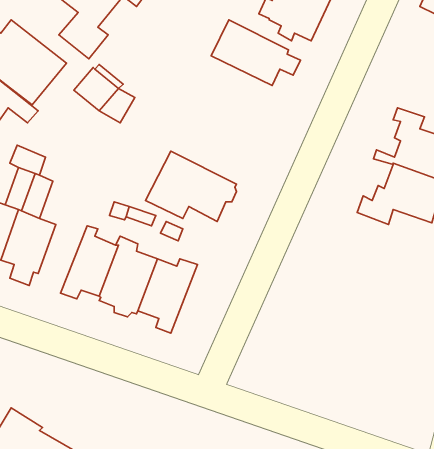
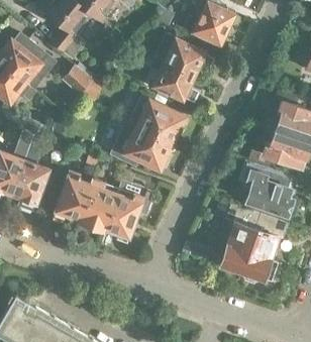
building: none -> [148,56,199,103]
building: none -> [129,97,184,143]
building: none -> [237,160,298,218]
building: none -> [218,202,289,282]

